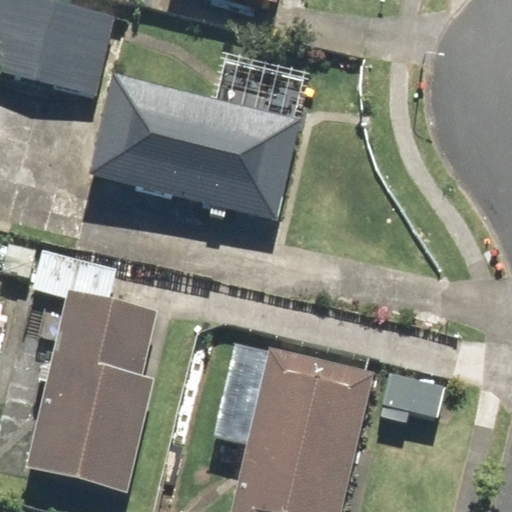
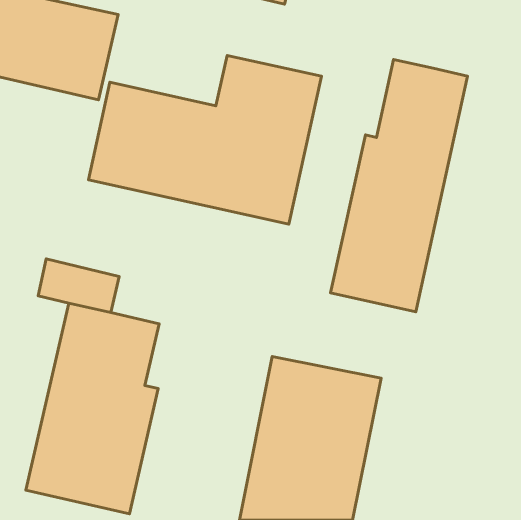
building: none -> [331,60,468,312]

